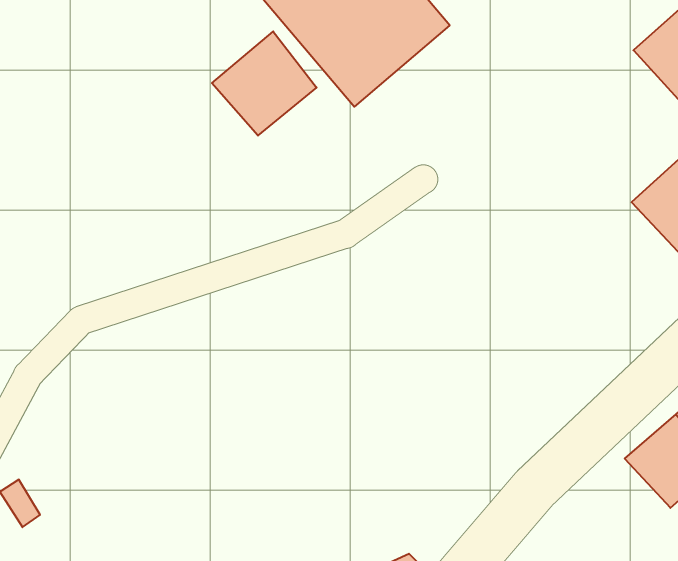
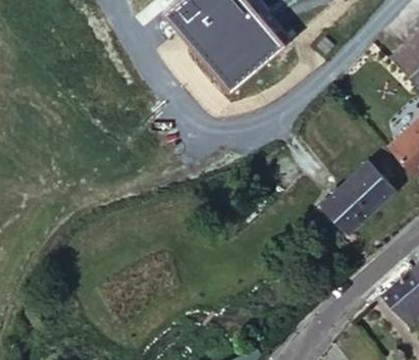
building: [212,31,317,136] -> none
building: none -> [324,160,397,230]

